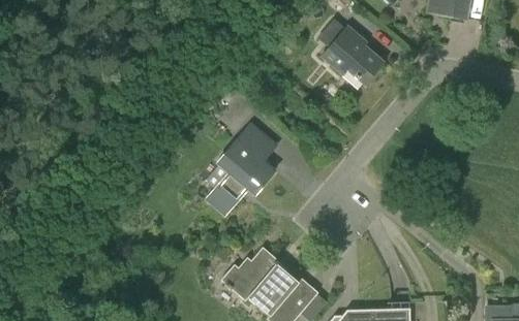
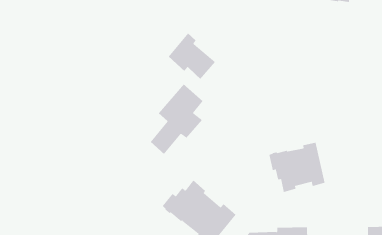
building: [322,24,384,85] -> [168,33,216,80]
building: none -> [269,142,325,193]

